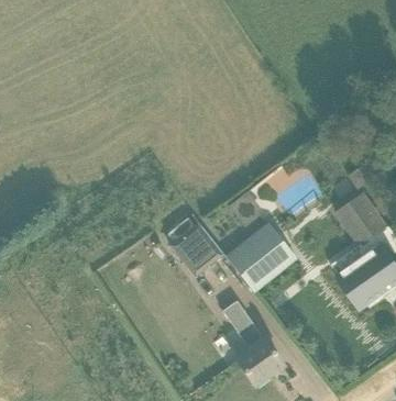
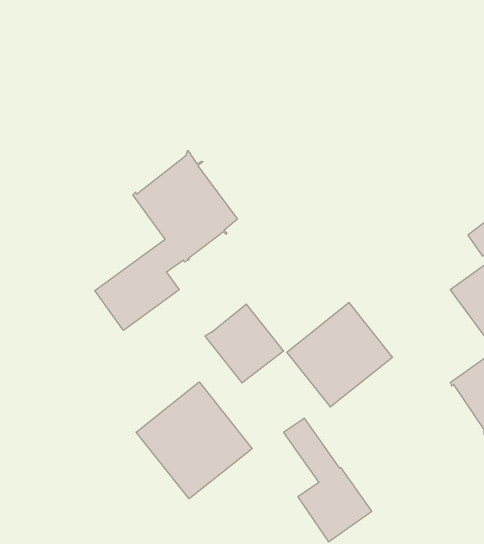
building: none -> [95,151,237,330]
building: none -> [136,382,252,499]

